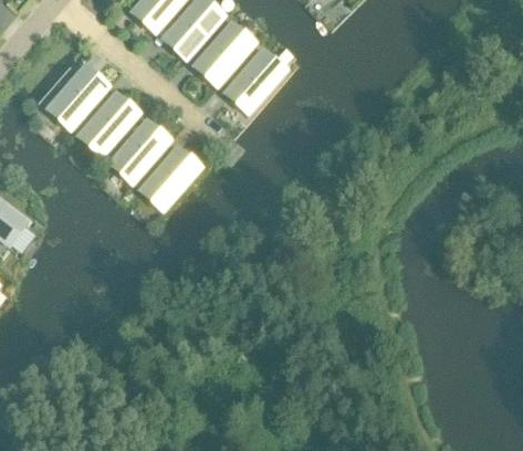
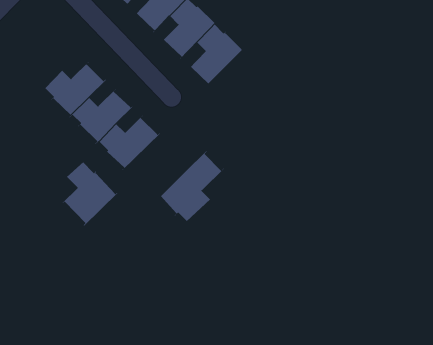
building: [39,67,108,129] -> none
building: none -> [160,150,225,222]
building: none -> [61,162,118,226]

